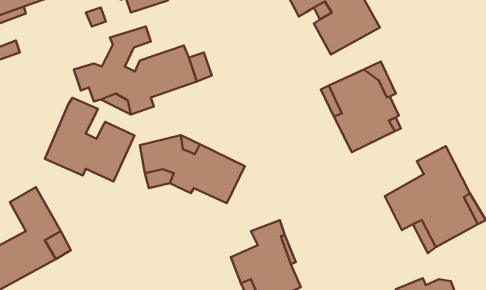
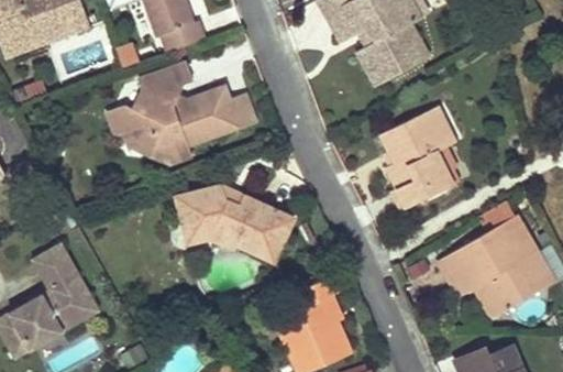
building: [45,98,135,181] -> none

